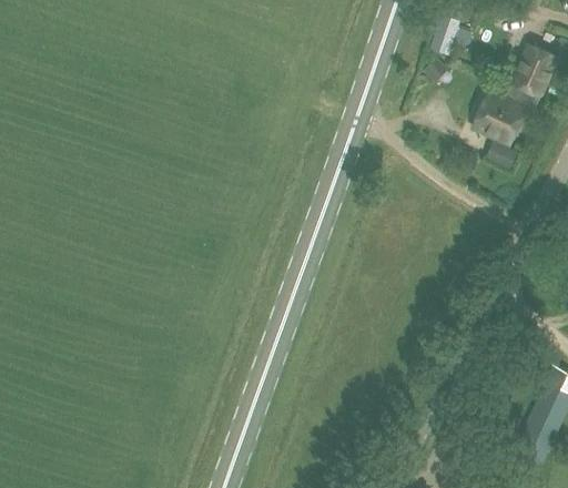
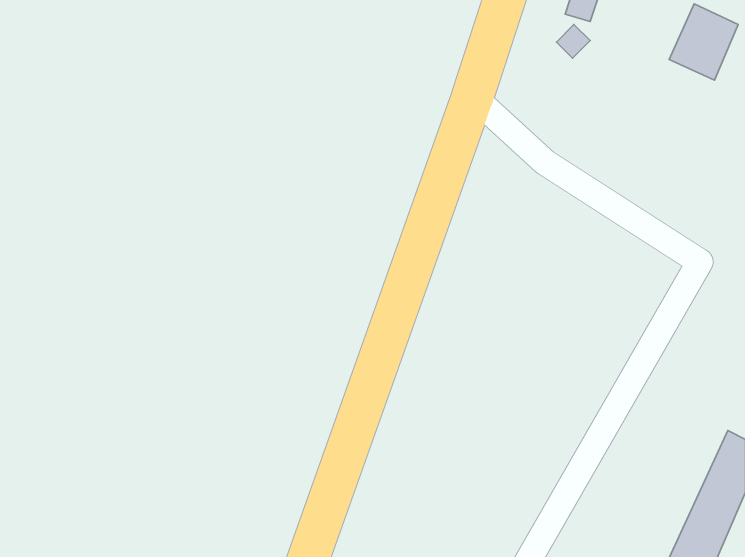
building: [470,89,528,149] -> none

